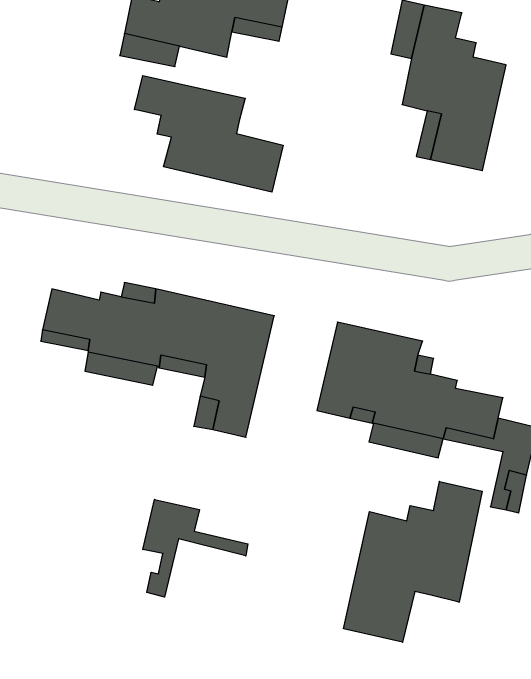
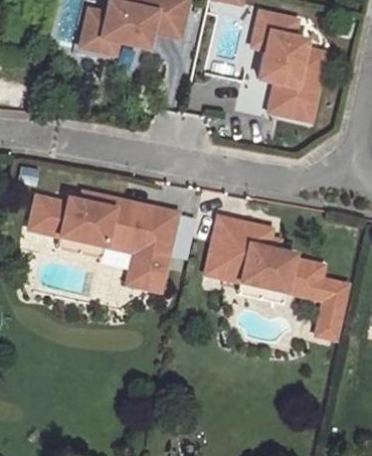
building: [134,76,283,192] -> none
building: [344,481,482,642] -> none
building: [143,499,248,597] -> none

